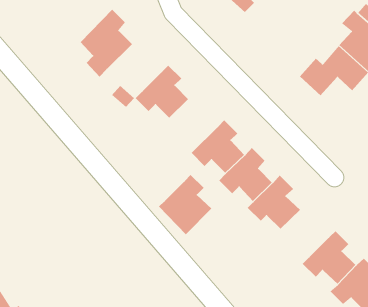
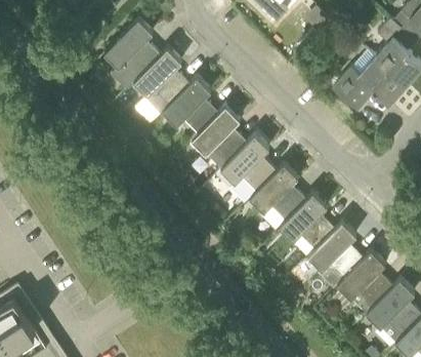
building: none -> [133,48,190,105]
building: [158,174,212,235] -> [192,106,248,169]
building: none -> [307,222,364,278]

